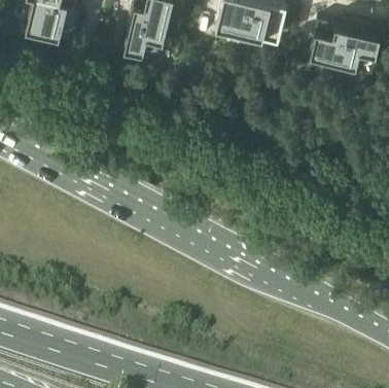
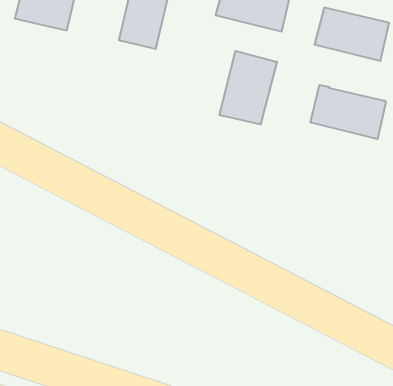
building: none -> [220,51,277,125]
building: none -> [311,85,386,139]

